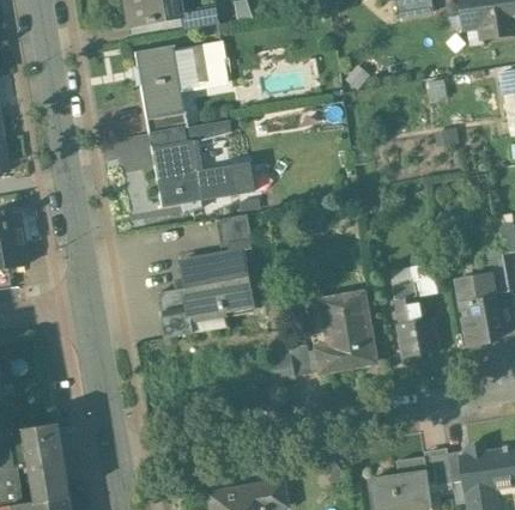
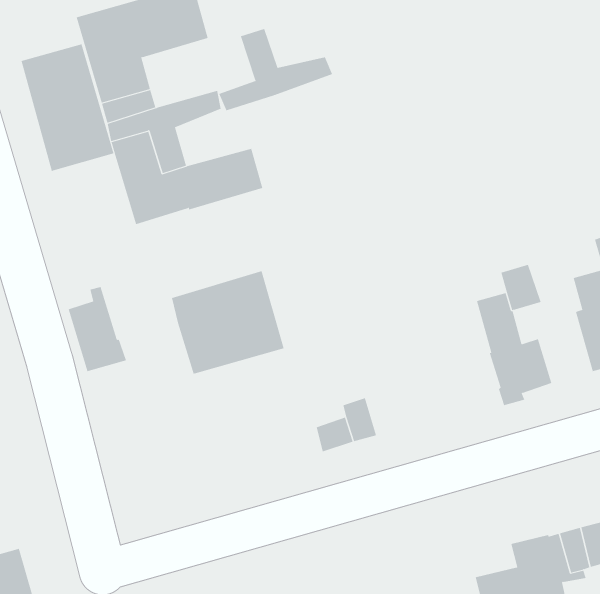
building: none -> [21,43,114,172]
building: none -> [218,28,333,111]
building: [216,213,252,247] -> none
building: [157,278,194,336] -> [68,286,127,372]
building: [319,295,375,370] -> none

